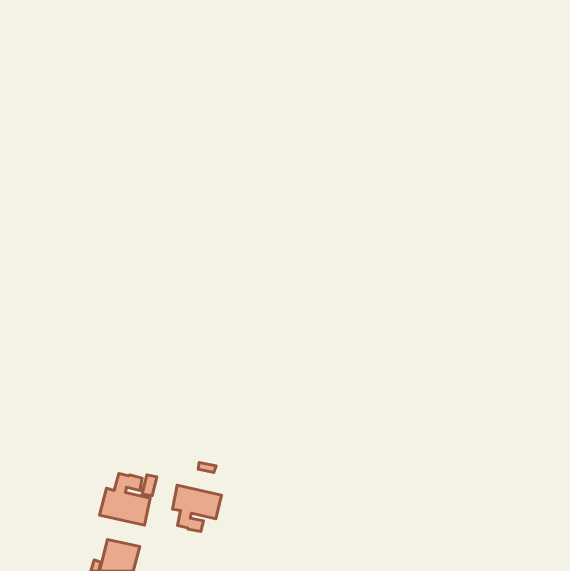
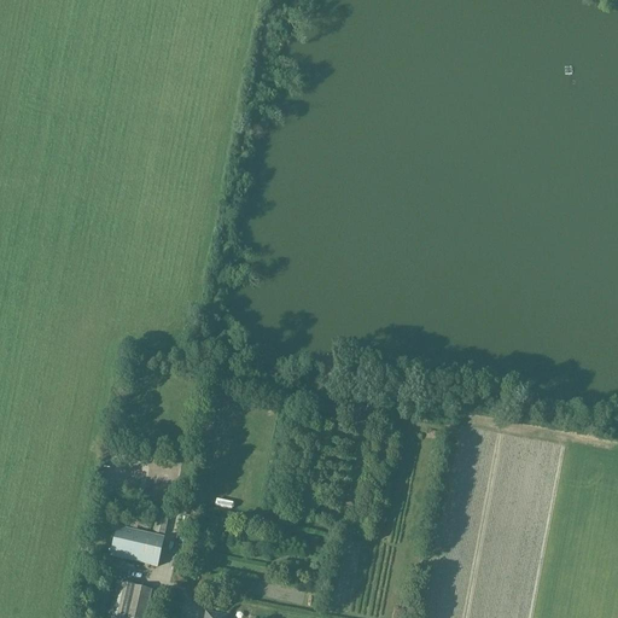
building: [172,485,222,531] -> none

